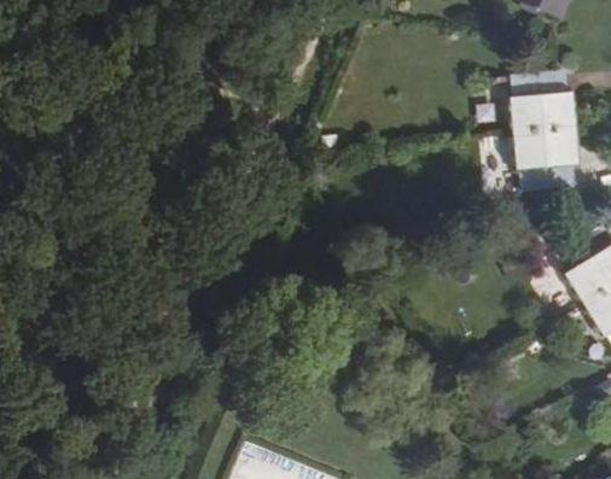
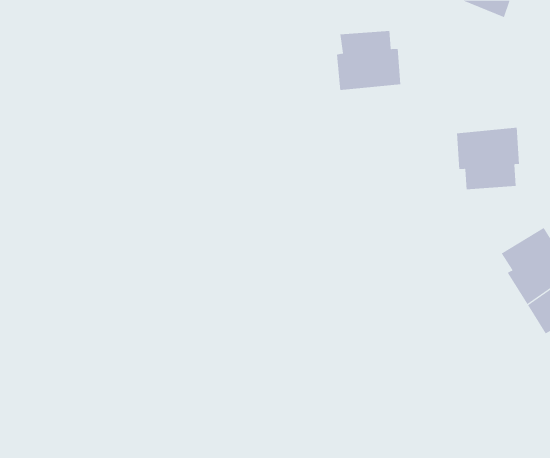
building: [511,74,576,134] -> [336,30,401,91]

